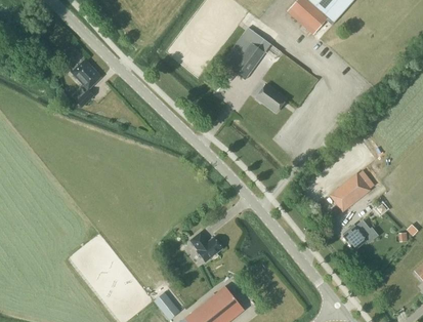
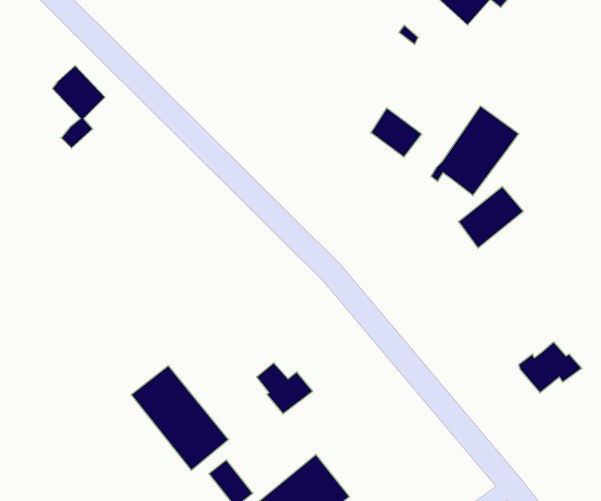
building: [219,27,270,79] -> [431,106,519,196]
building: [331,174,369,210] -> [458,187,523,248]
building: none -> [131,366,228,470]

